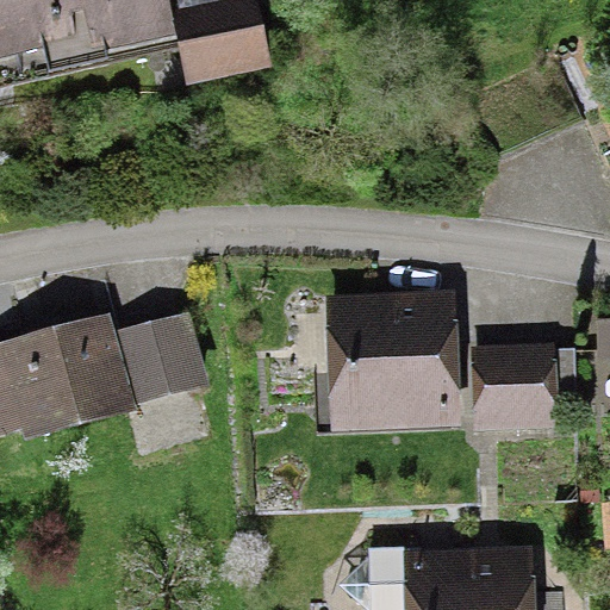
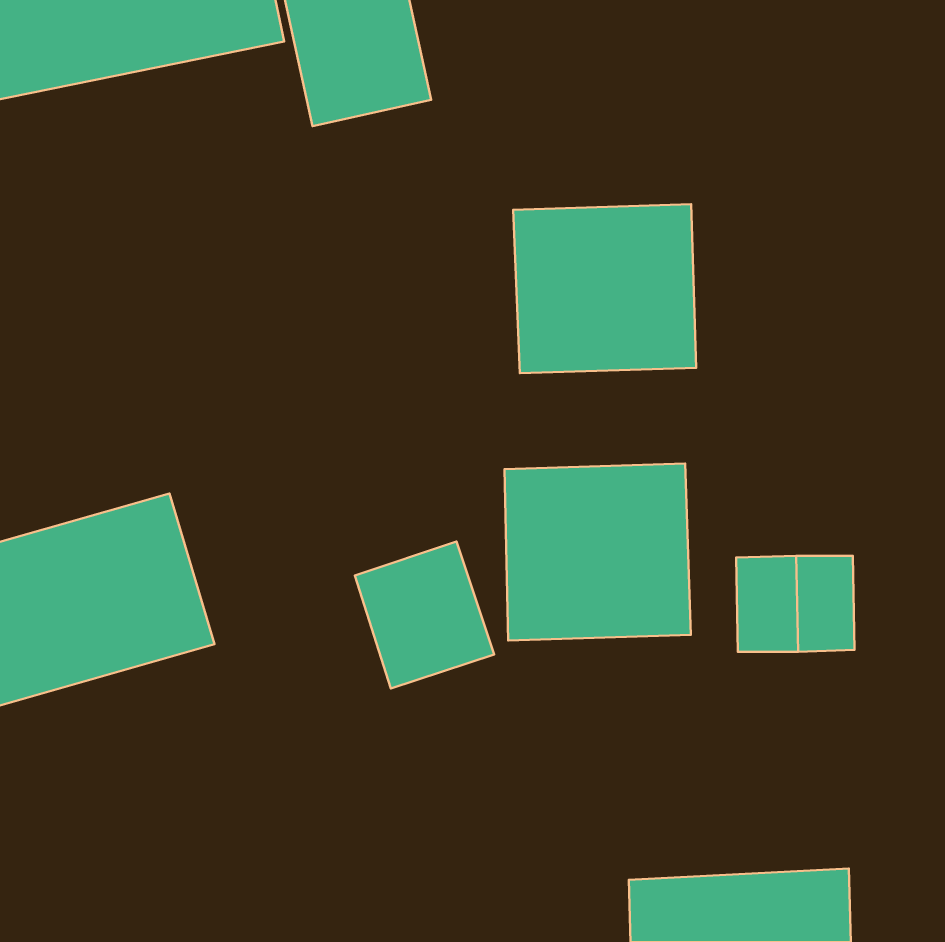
building: none -> [513,204,696,373]
building: [120,312,208,405] -> [355,542,494,689]

